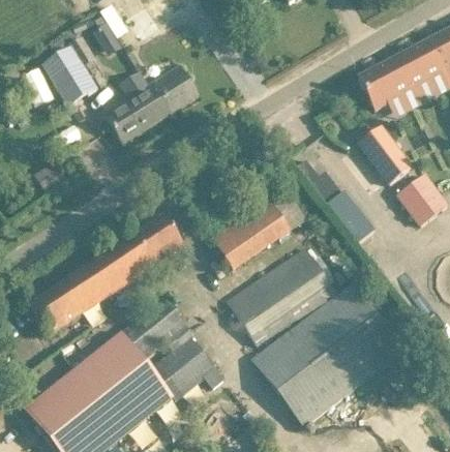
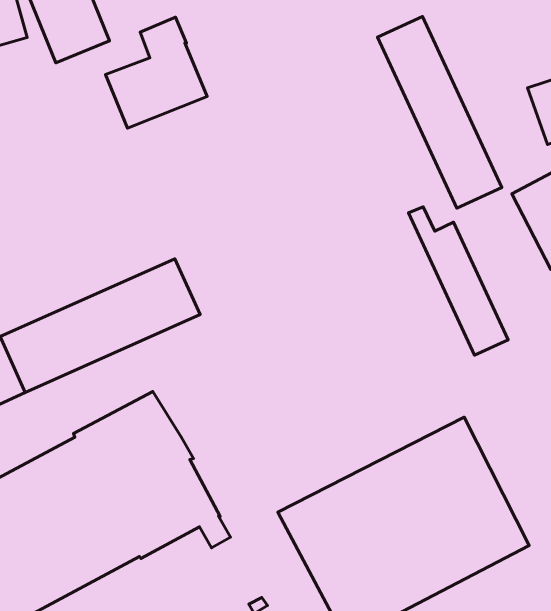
building: none -> [377,17,502,208]
building: [148,65,199,115] -> none
building: [210,189,306,269] -> none
building: [227,245,335,345] -> none

